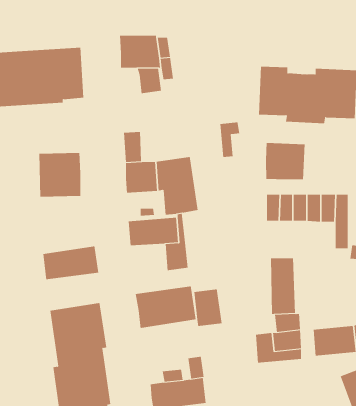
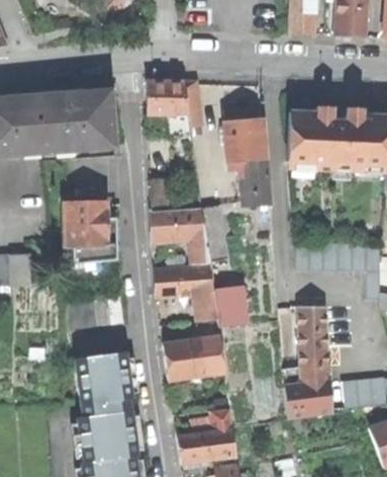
building: none -> [223,118,264,159]
building: [265,142,305,180] -> none
building: [194,289,222,326] -> [213,286,243,324]

